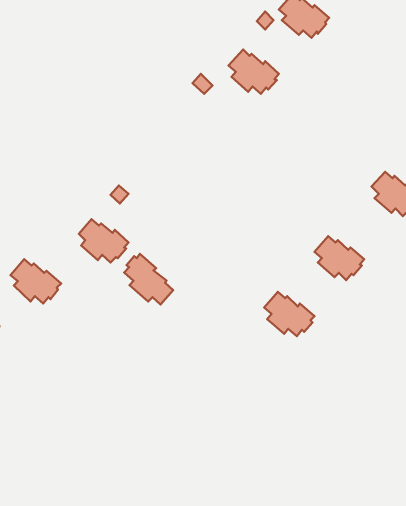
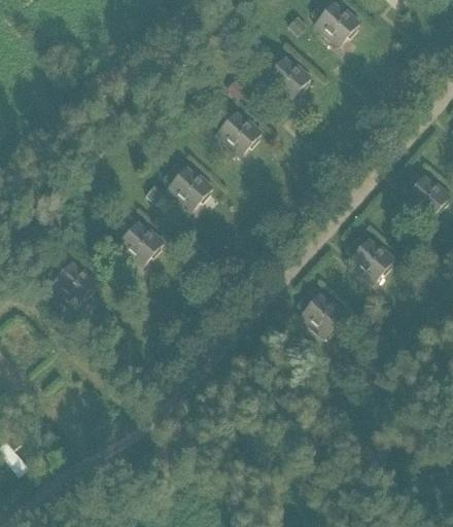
building: none -> [215,110,264,153]
building: none -> [166,165,215,208]
building: [124,254,173,304] -> none

